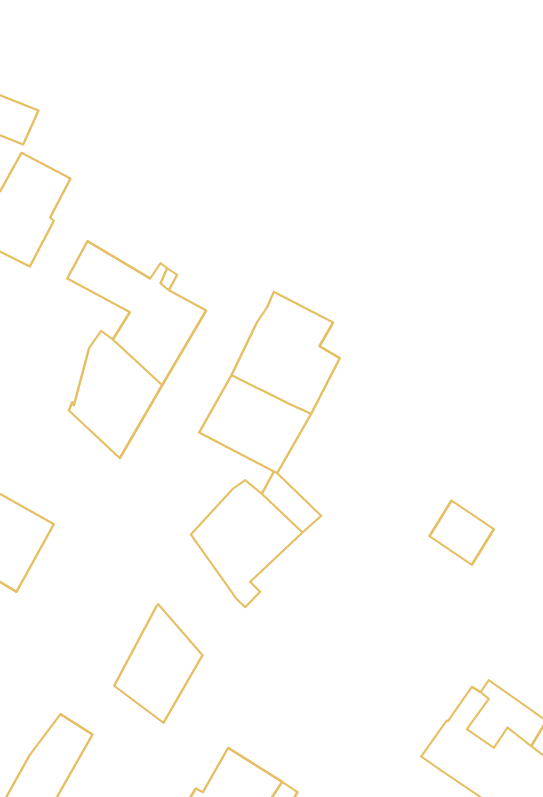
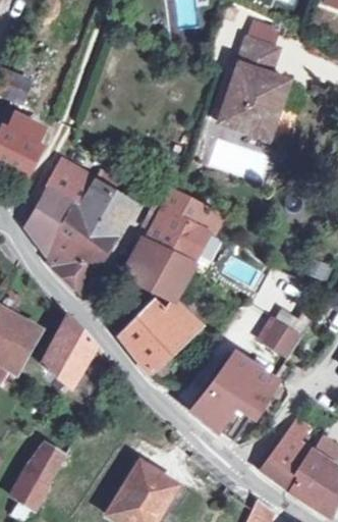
building: none -> [218,36,287,138]
building: none -> [26,182,84,258]
building: none -> [193,354,274,443]
building: [114,604,202,723] -> [41,315,94,386]

